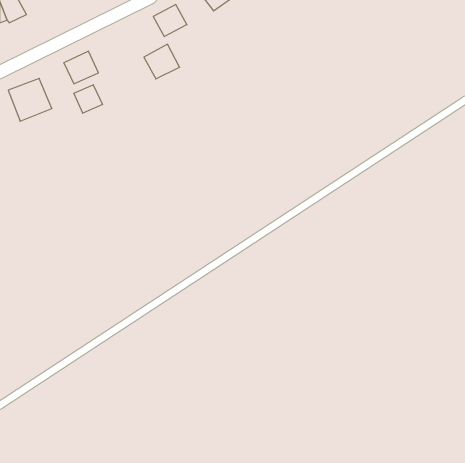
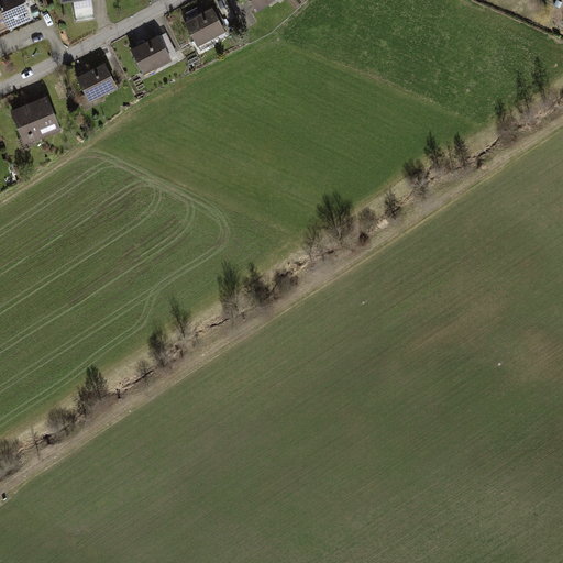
building: [144,44,180,79] -> [129,33,172,75]
building: [74,85,102,113] -> none

